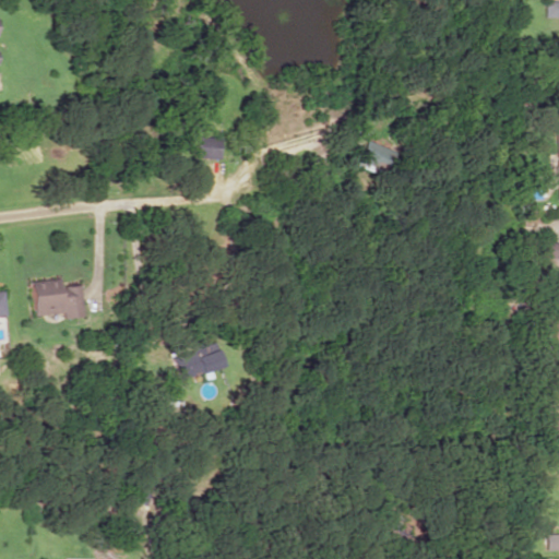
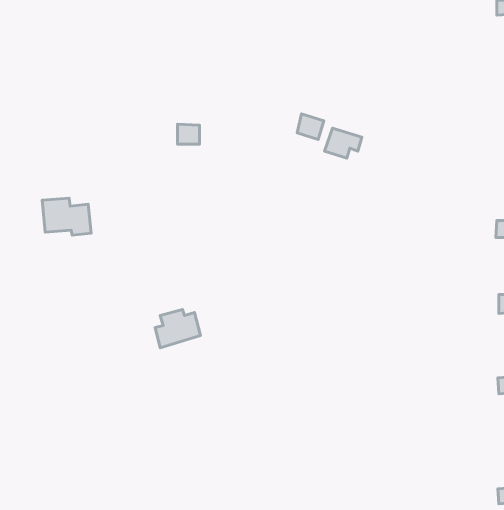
building: none -> [297,114,324,139]
building: [36,280,90,320] -> [42,198,91,235]

